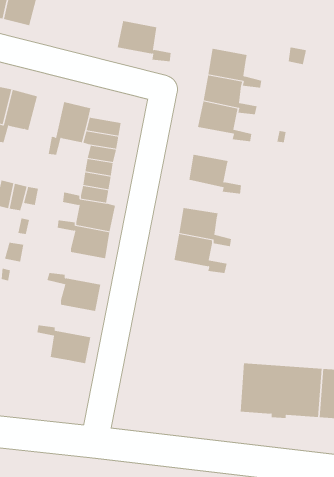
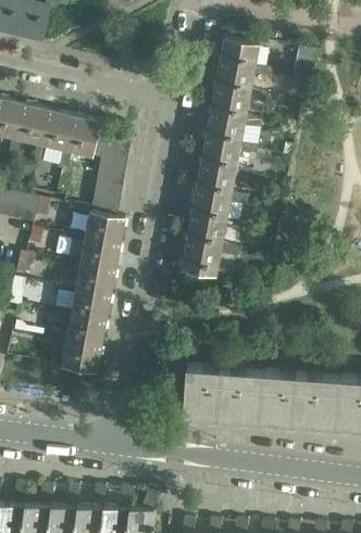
building: [117,21,172,62] -> [219,38,272,78]
building: none -> [34,111,74,163]
building: none -> [200,141,253,180]
building: none -> [190,192,244,231]
building: none -> [63,257,115,294]
building: none -> [53,308,105,345]
building: none -> [183,365,249,418]

